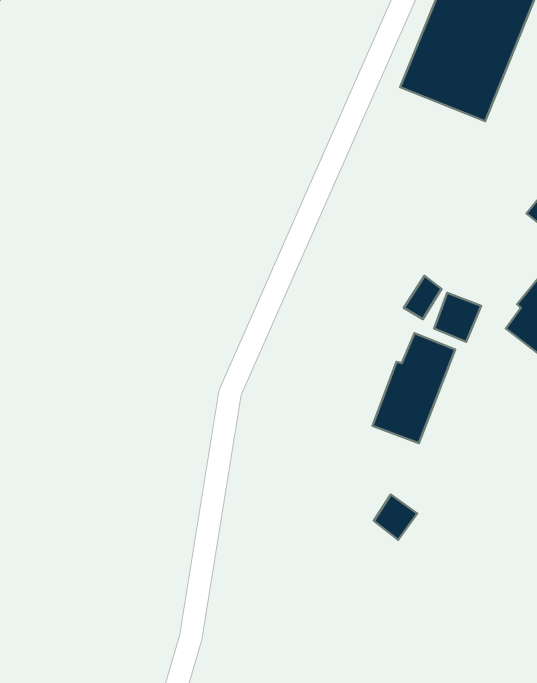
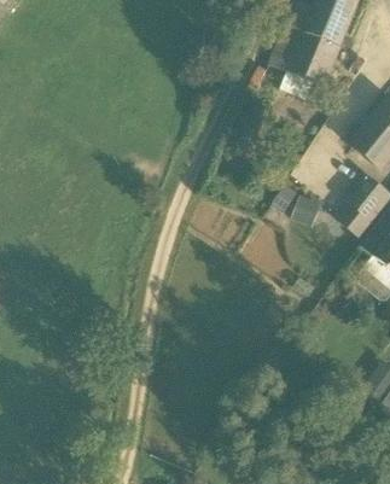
building: [373,333,455,443] -> none

